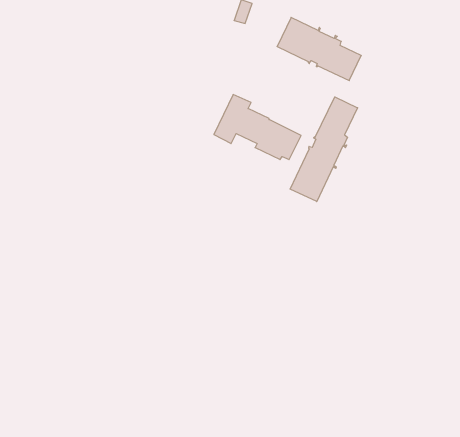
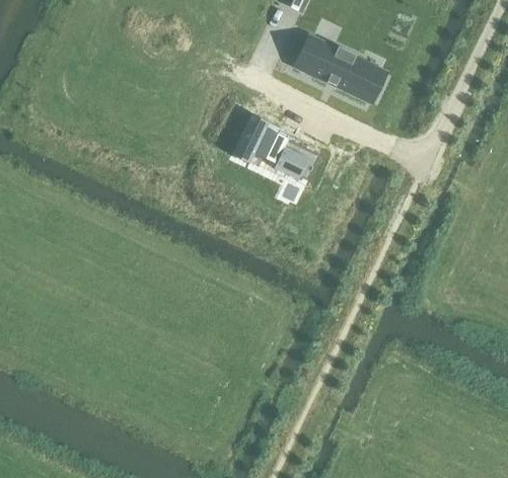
building: [290,97,358,202] -> none

